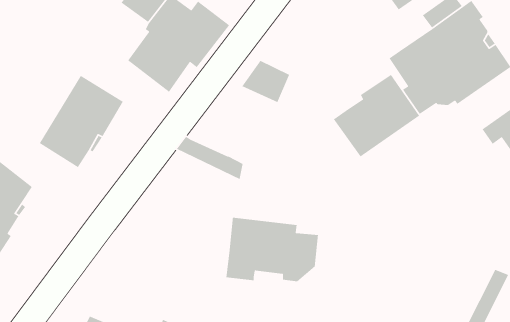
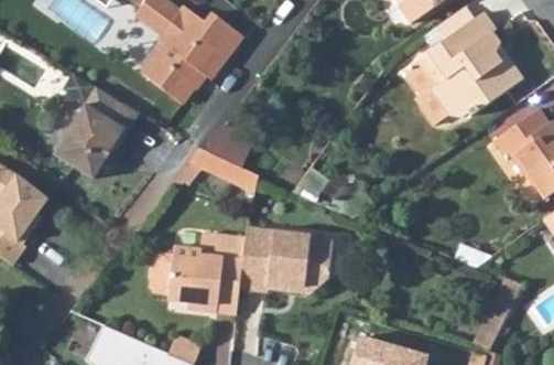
building: [241,60,290,103] -> [205,124,253,167]
building: [333,74,420,158] -> none
building: none -> [149,233,245,313]

